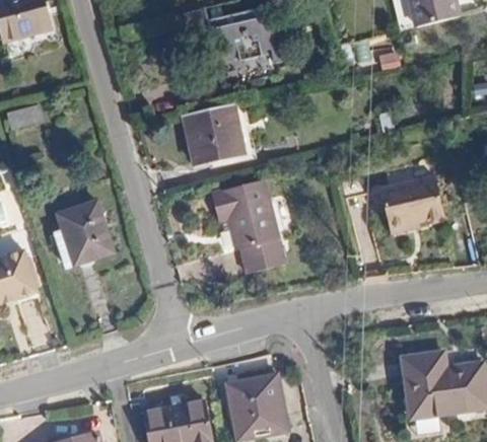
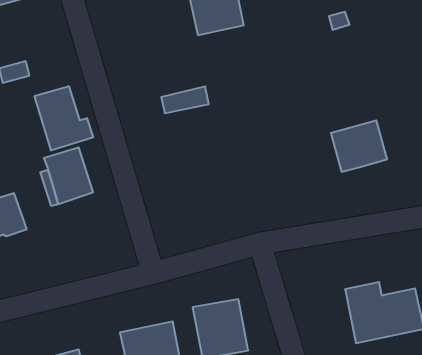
building: [183,102,239,145] -> none
building: none -> [35,86,93,151]
building: [209,175,284,270] -> none

